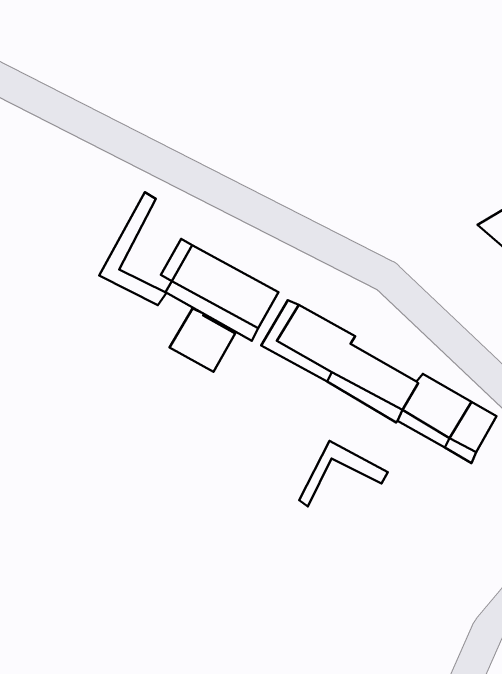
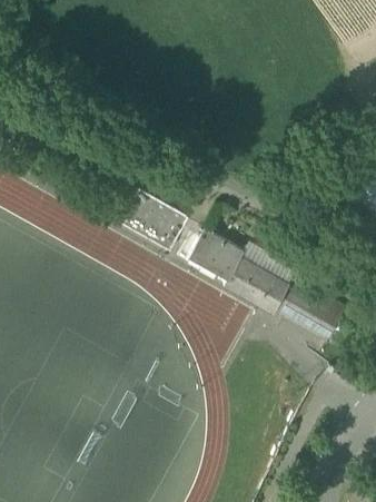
building: [99,192,166,305] -> none
building: [170,309,235,372] -> none
building: [299,441,388,507] -> none

